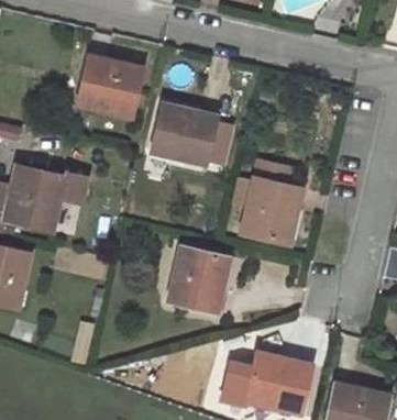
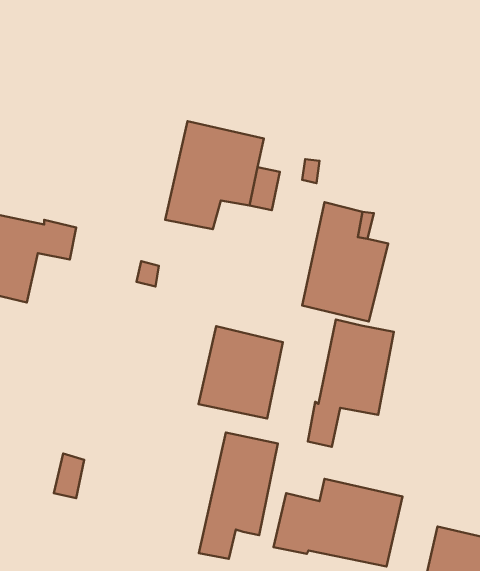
building: [79,56,142,115] -> none
building: none -> [308,320,394,447]
building: none -> [199,432,278,559]

